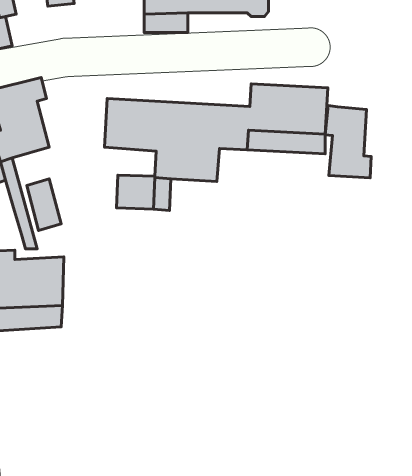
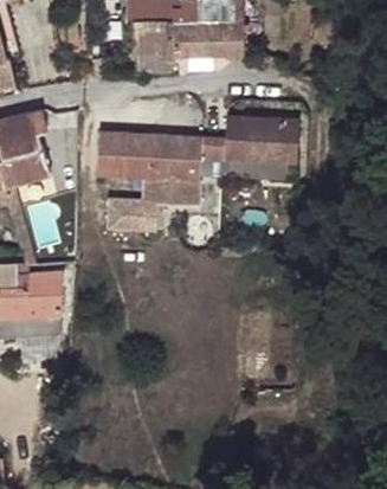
building: [325,105,371,178] -> none

